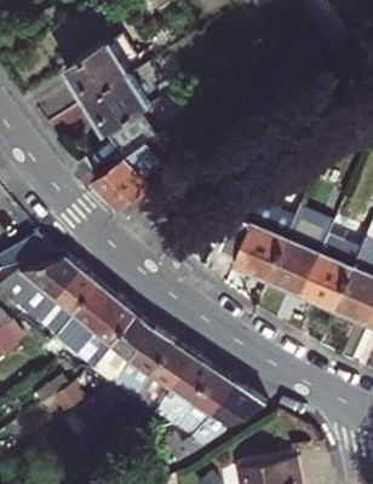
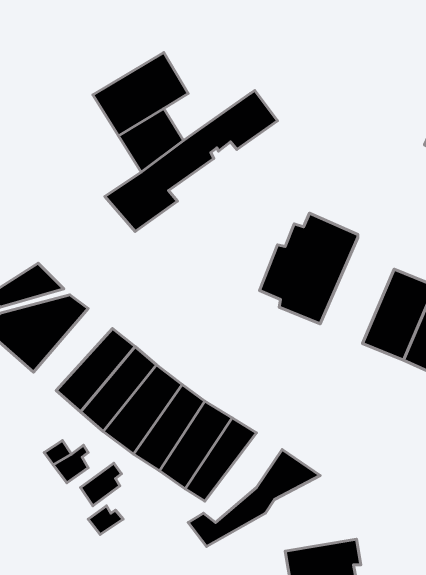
building: [63,34,140,100] -> none
building: [265,214,329,299] -> none
building: [36,271,99,336] -> none
building: [173,370,235,436] -> none

